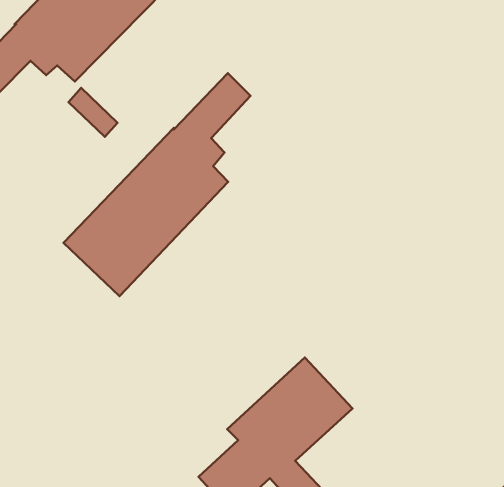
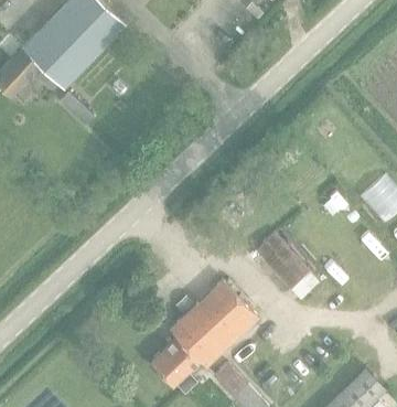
building: [64,73,251,296] -> none
building: none -> [256,236,318,301]

